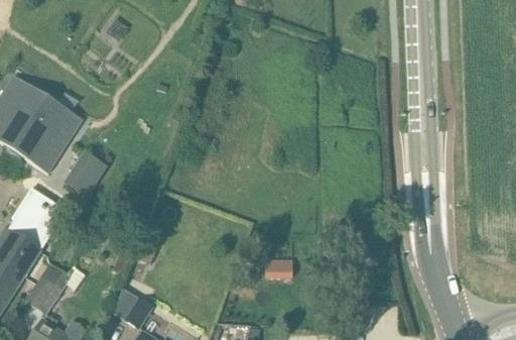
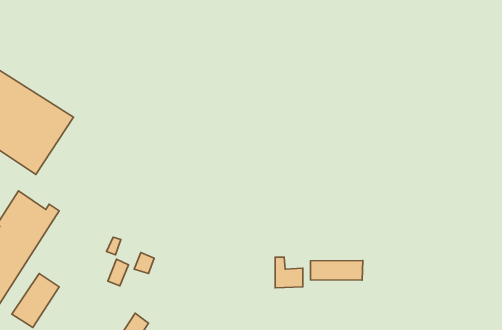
building: [64,152,107,197] -> none
building: none -> [311,260,363,280]

